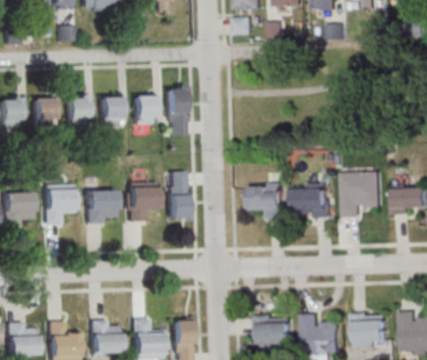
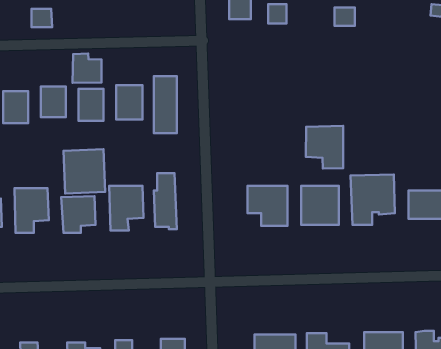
building: none -> [72,53,102,83]
building: none -> [306,126,343,169]
building: none -> [63,149,105,193]

